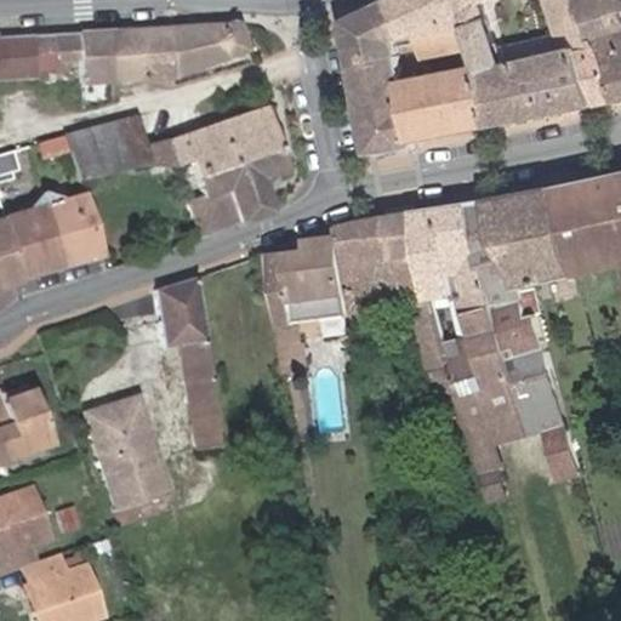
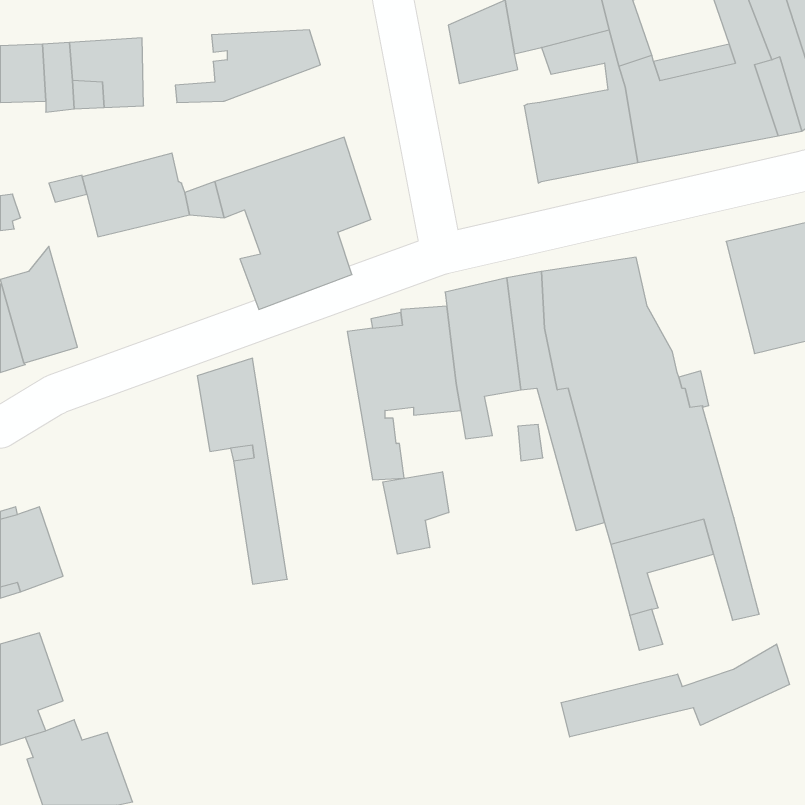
building: [110,27,176,81] -> none
building: [354,53,418,152] -> none
building: [490,186,581,286] -> none
building: [39,189,101,267] -> none
building: none -> [383,472,449,554]
building: [85,399,166,509] -> none
building: none -> [561,644,790,737]

